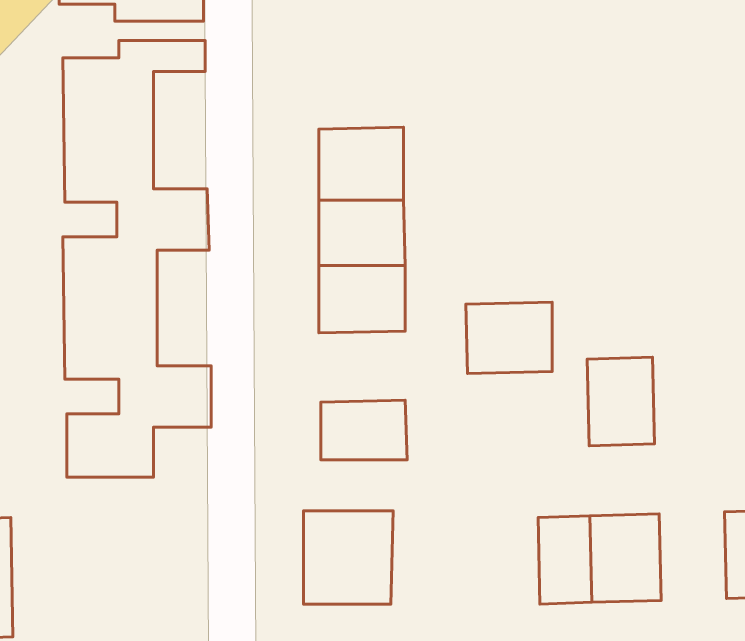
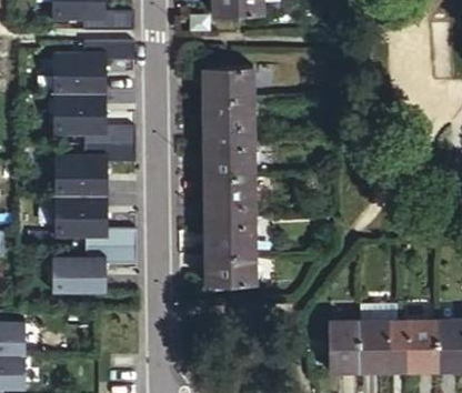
building: none -> [201,68,251,95]
building: [466,302,552,373] -> [202,212,252,253]
building: [587,357,654,446] -> [399,316,438,367]
building: [304,511,393,604] -> none

